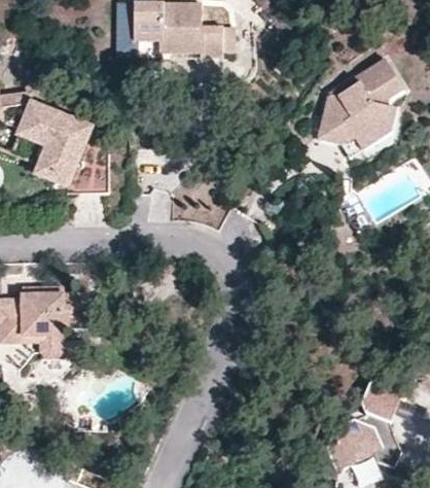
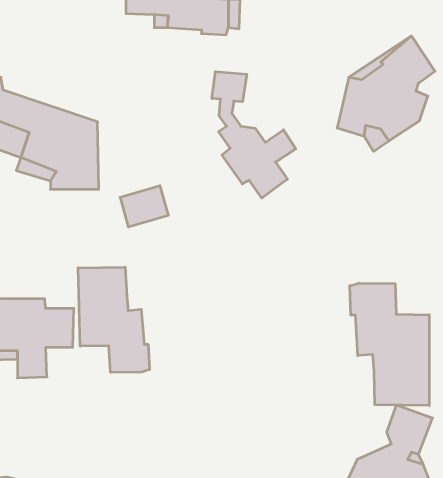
building: none -> [212,72,296,198]
building: none -> [78,267,150,372]
building: none -> [350,283,429,406]

